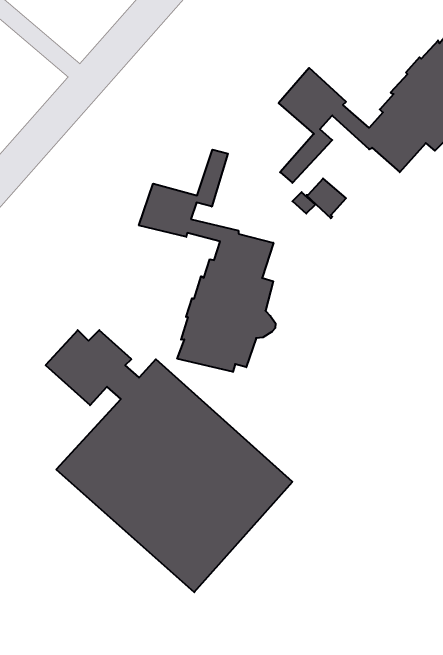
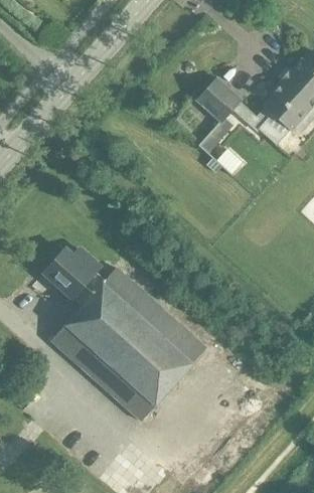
building: [139,150,275,372] -> none

